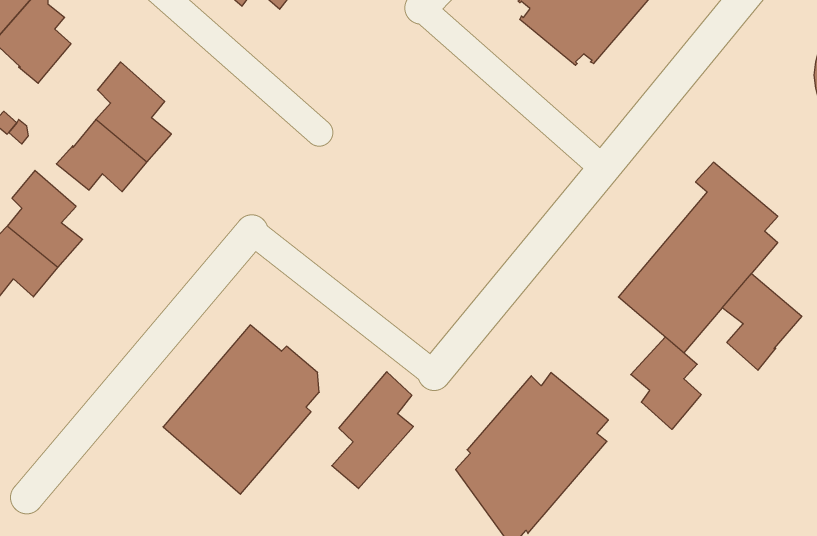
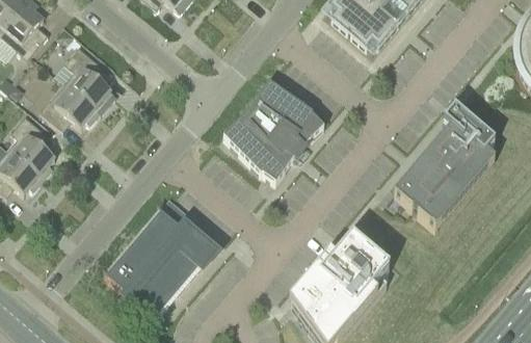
building: none -> [224,78,325,179]
building: [722,274,802,370] -> none
building: [631,337,701,429] -> none
building: [332,372,413,489] -> none

